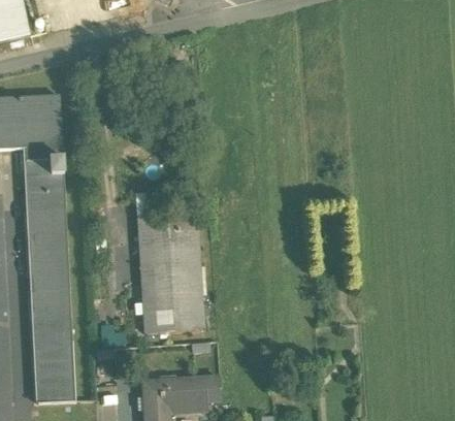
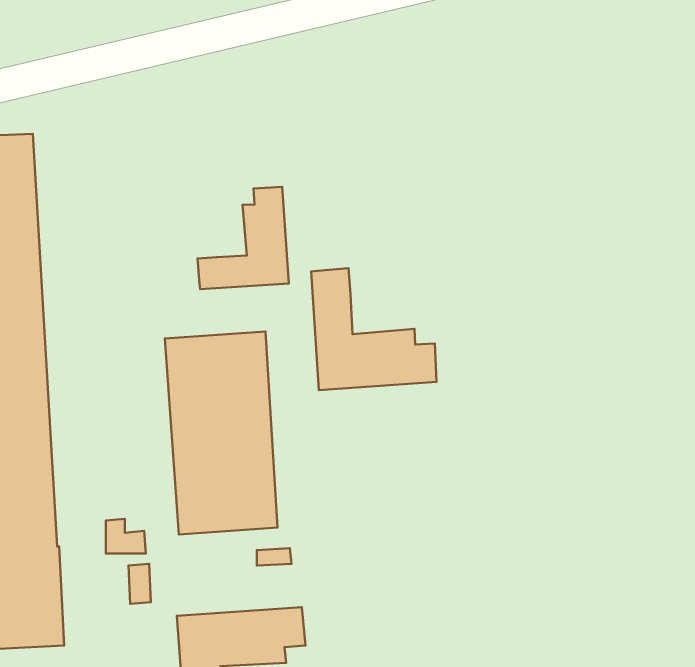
building: none -> [197,187,289,289]
building: none -> [311,268,437,390]

